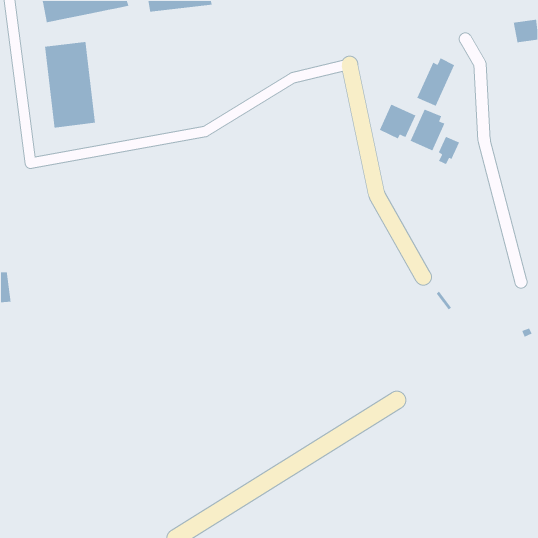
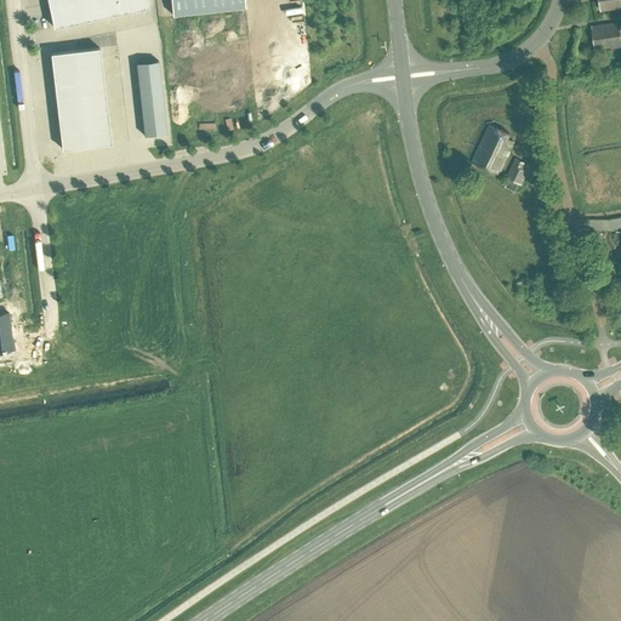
building: none -> [136,61,166,136]
building: [416,57,455,107] -> none
building: [379,104,416,140] -> none

